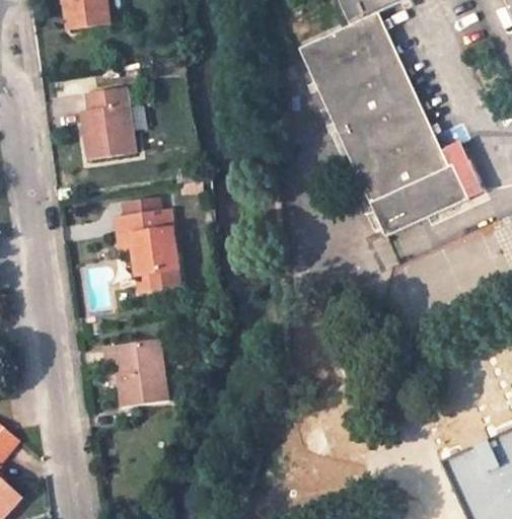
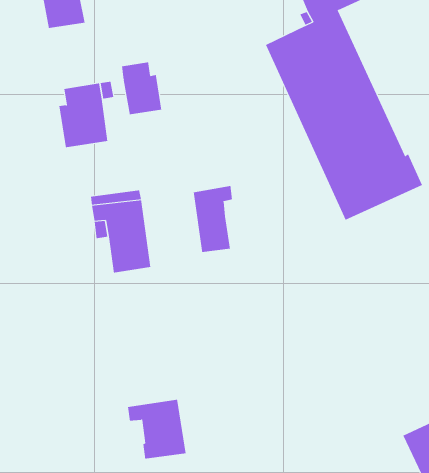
building: none -> [121,62,162,115]
building: none -> [193,185,232,253]
building: [103,340,166,403] -> [127,399,187,459]

